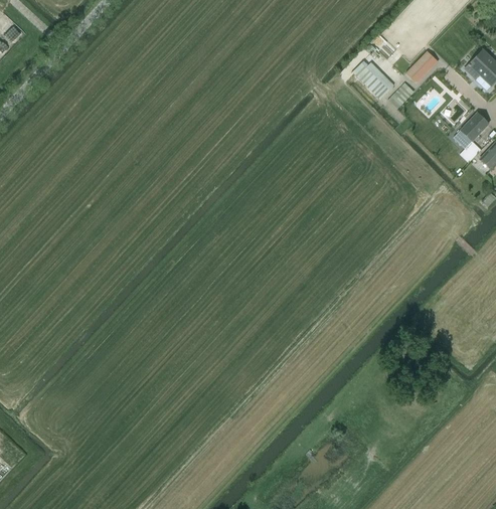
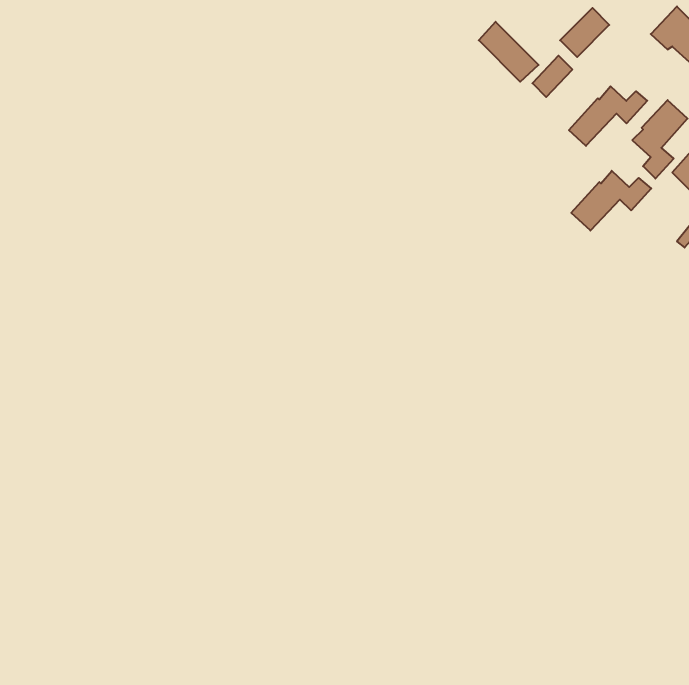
building: none -> [569,86,647,146]
building: none -> [571,171,651,231]

